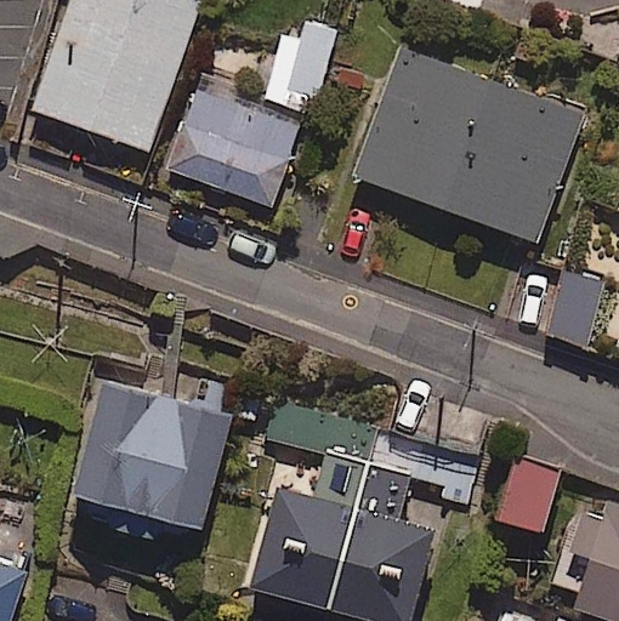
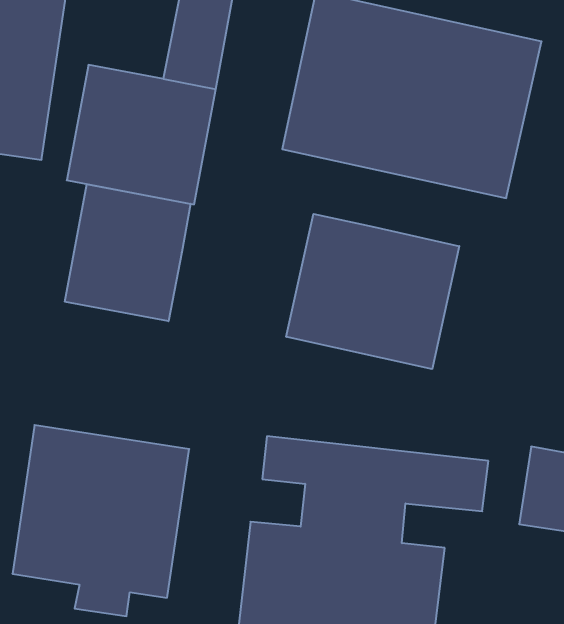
building: none -> [65,184,191,321]
building: none -> [286,214,459,369]

